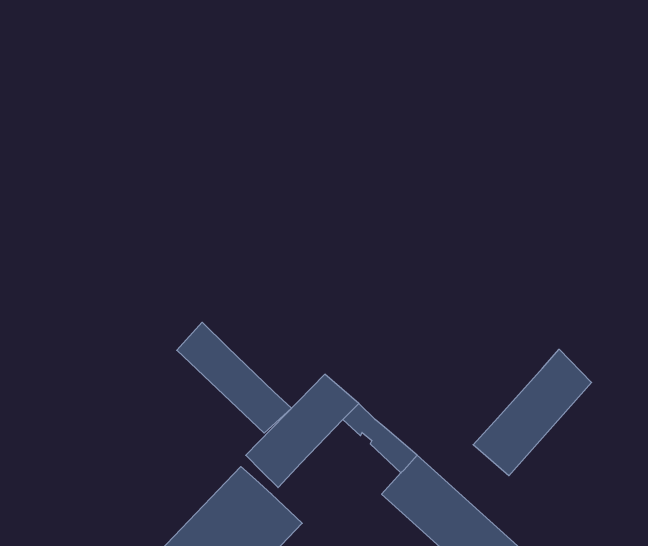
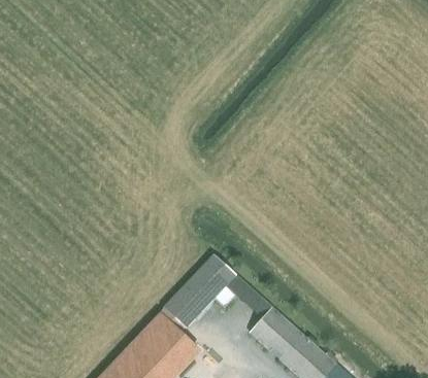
building: [177,322,292,433] -> none
building: [473,349,592,476] -> none

